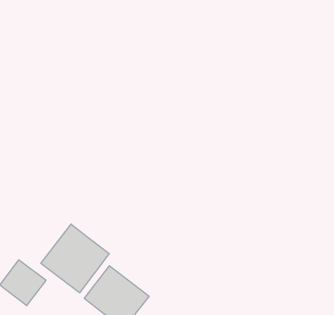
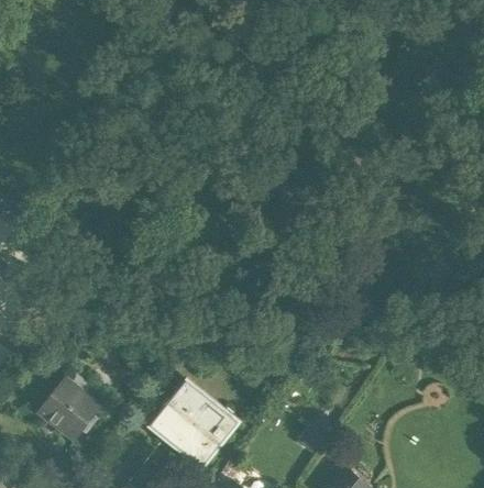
building: [41,224,109,293] -> none

